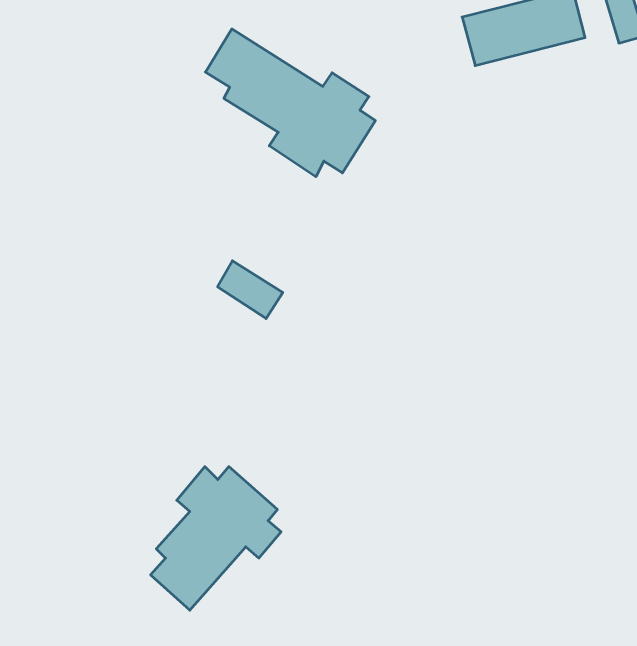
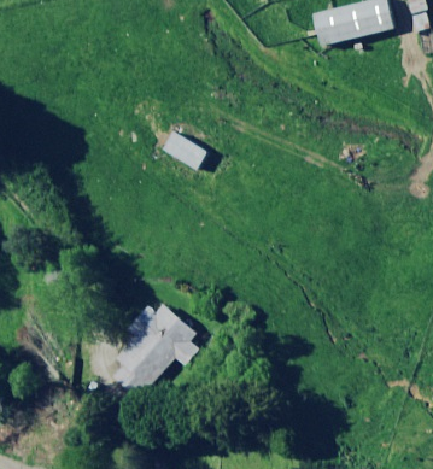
building: [205,29,375,177] -> none
building: [218,261,283,319] -> [164,131,206,169]

